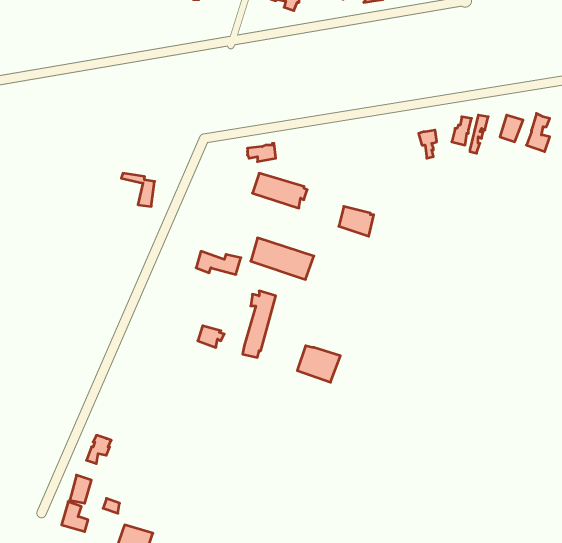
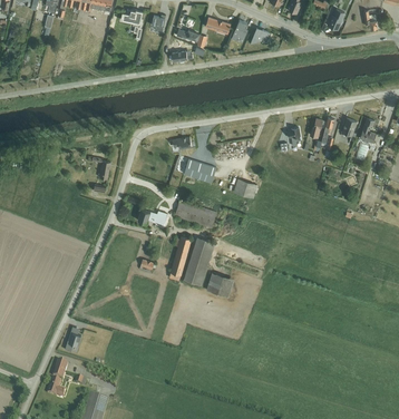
building: none -> [184,237,215,285]

